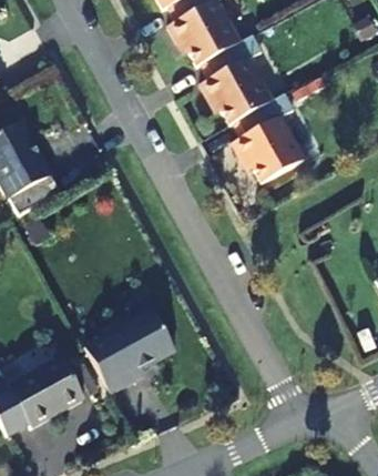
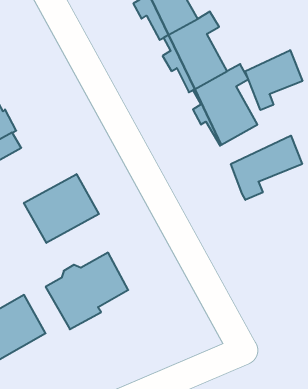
building: none -> [245,50,302,110]
building: none -> [231,136,302,200]
building: none -> [24,174,99,243]

